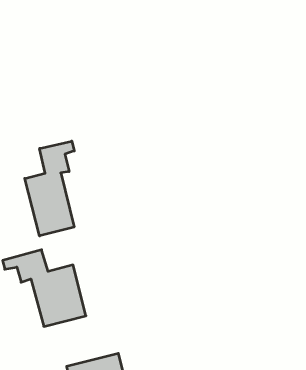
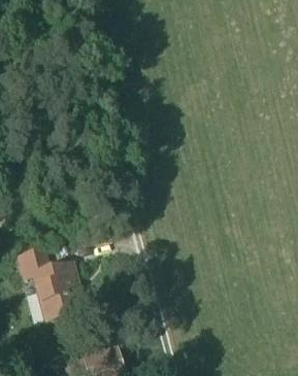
building: [25,141,74,236] -> none

